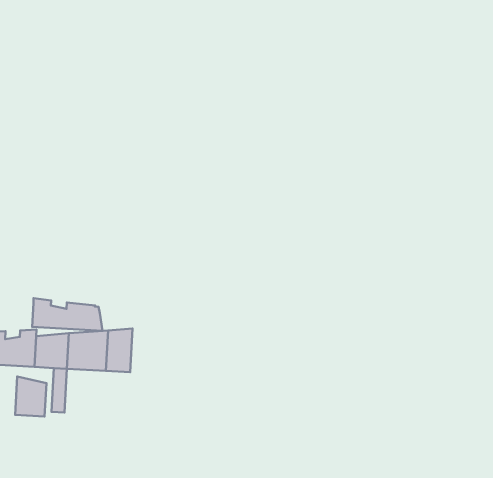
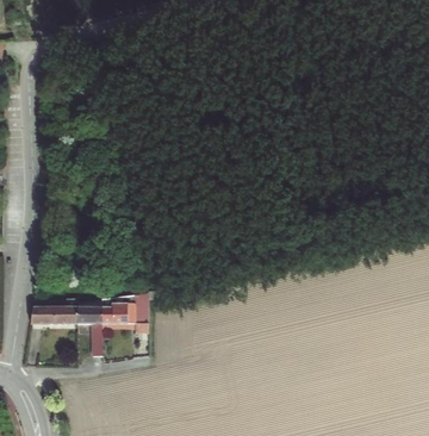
building: [32,298,102,331] -> none
building: [15,376,46,416] -> none

